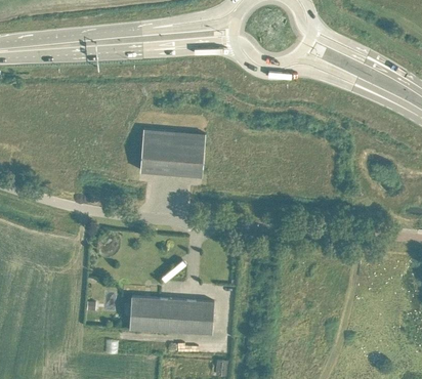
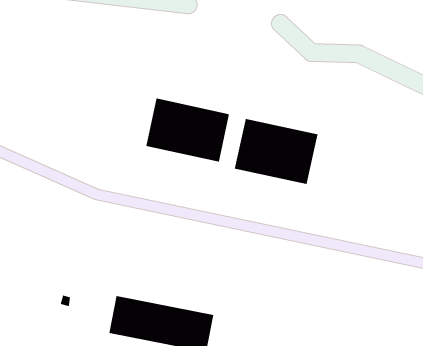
building: none -> [234,118,318,185]

